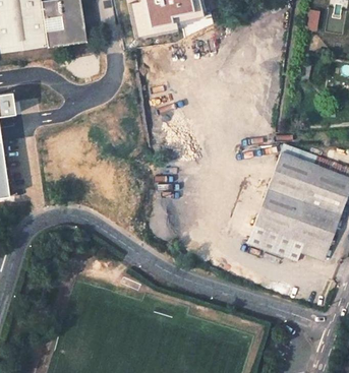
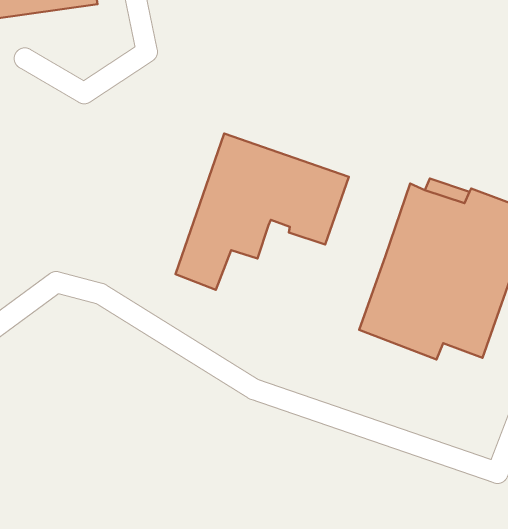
building: none -> [175,134,349,290]

